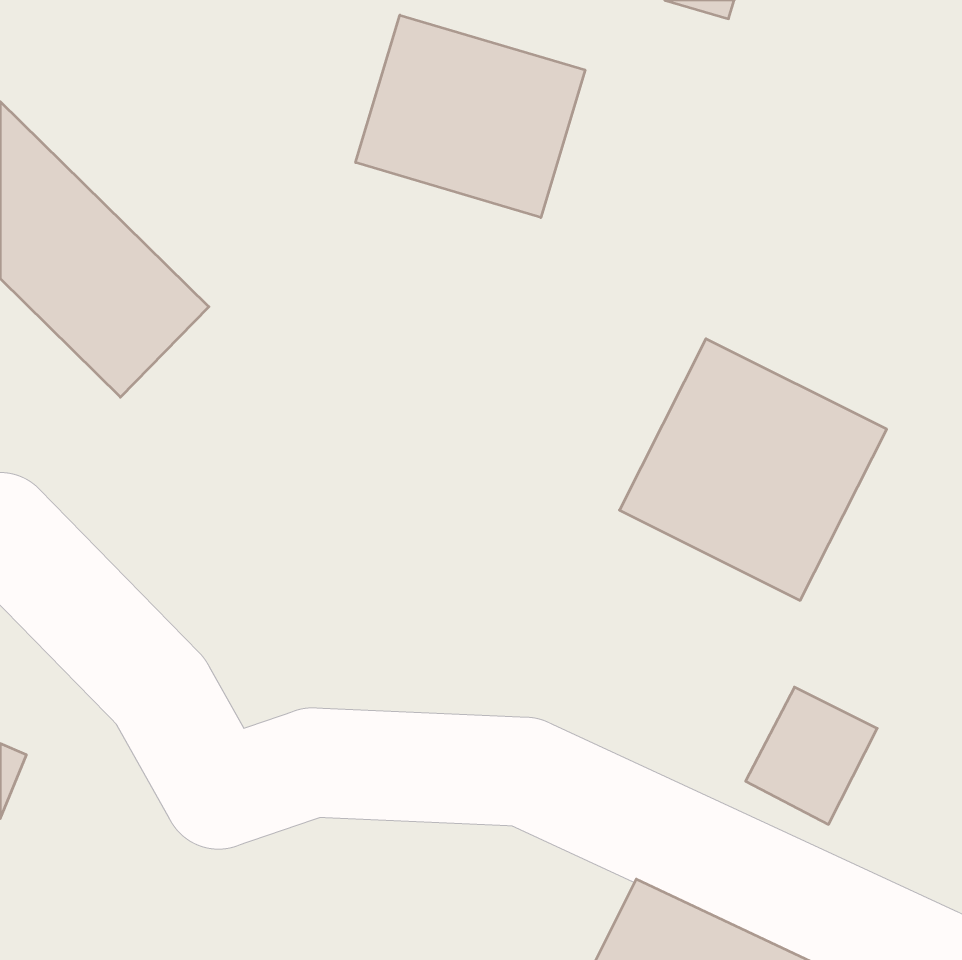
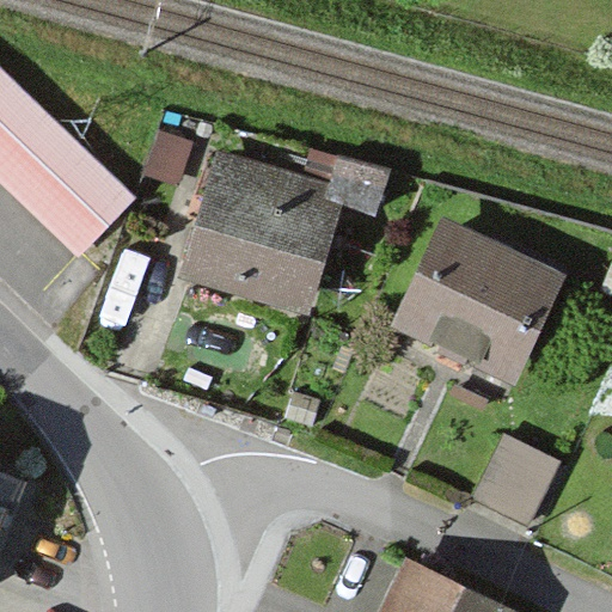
building: [356,15,585,218] -> none
building: none -> [185,154,341,311]

